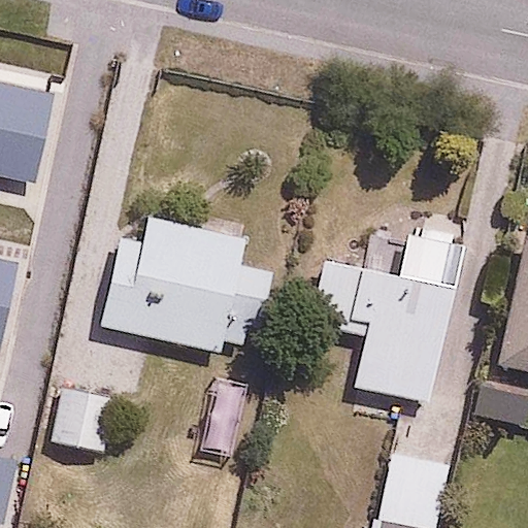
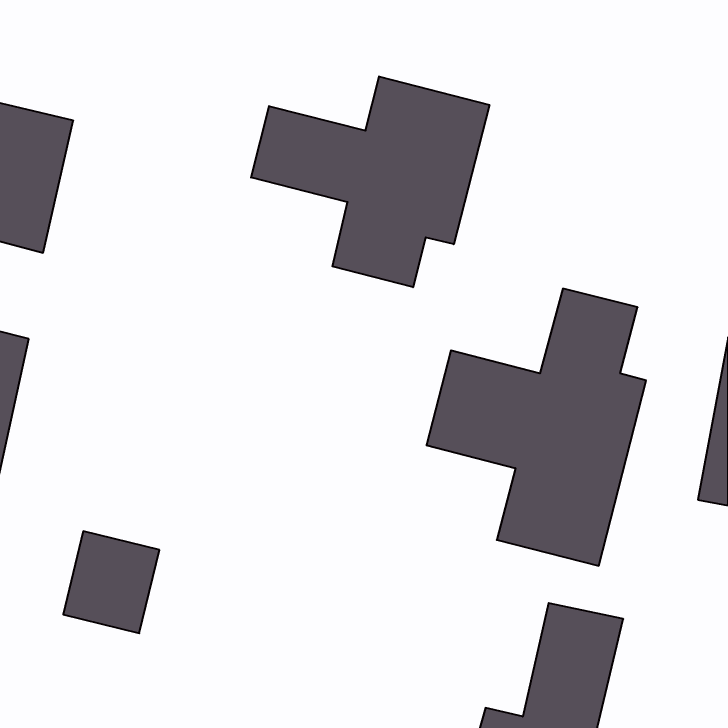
building: none -> [251,76,489,287]
building: [102,210,275,354] -> none

